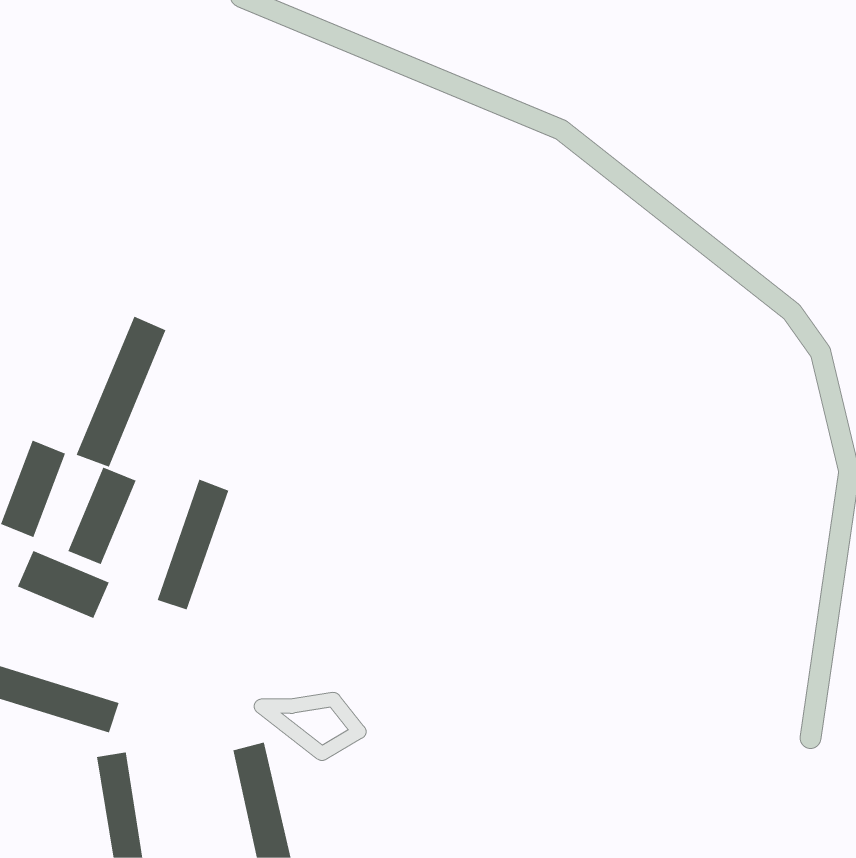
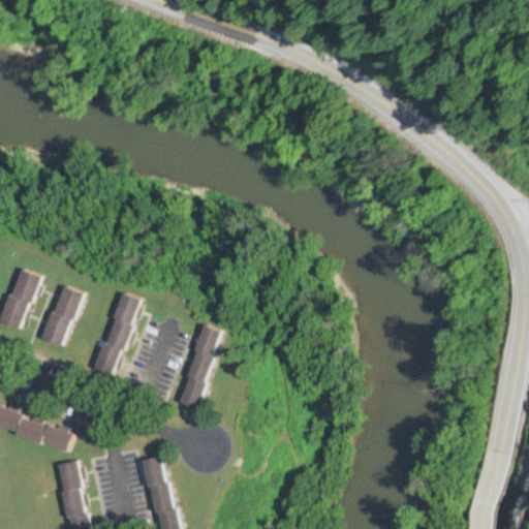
building: [76,316,166,467] -> none
building: none -> [180,323,220,408]
building: [17,550,109,619] -> none

